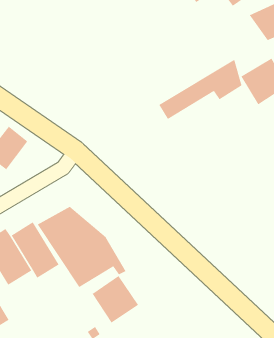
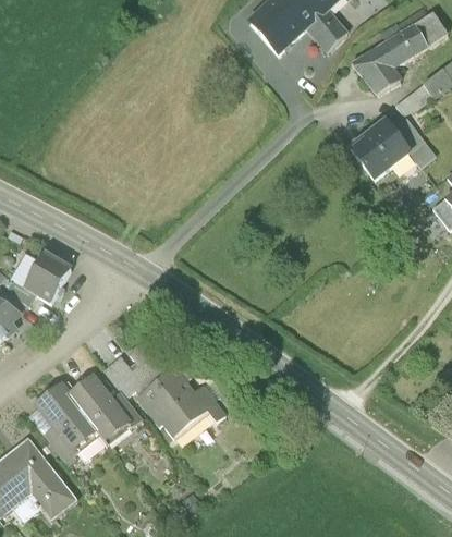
building: [159,59,242,120] -> none
building: [92,275,139,324] -> none

